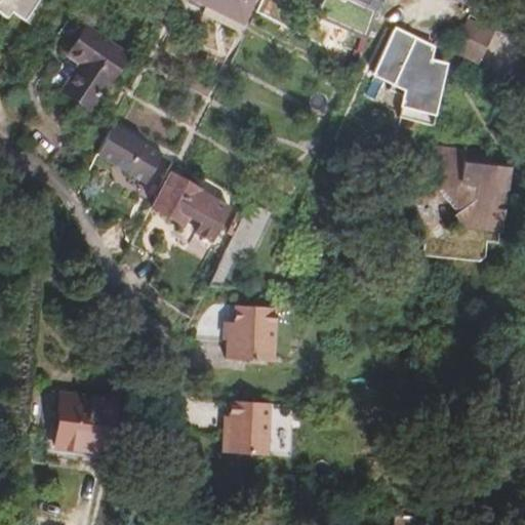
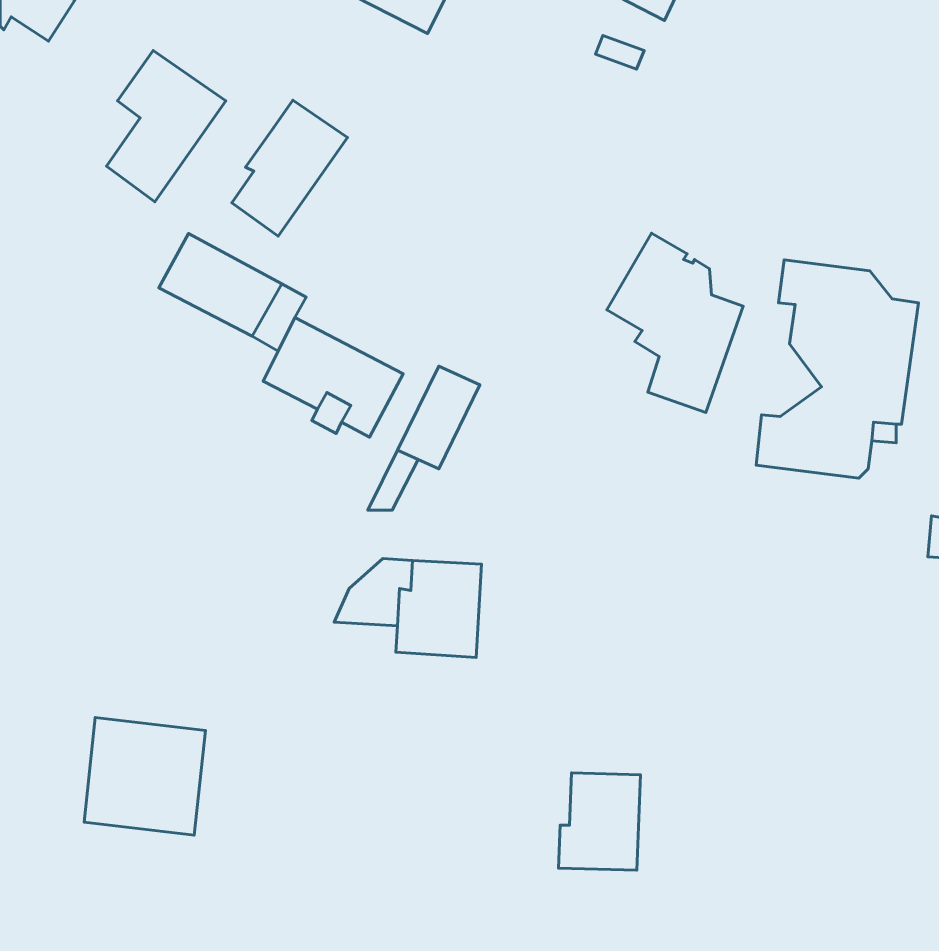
building: [455,21,493,60] -> none
building: [375,24,450,122] -> [607,233,743,413]
building: none -> [232,100,348,236]
building: [220,400,266,453] -> [558,773,641,870]

